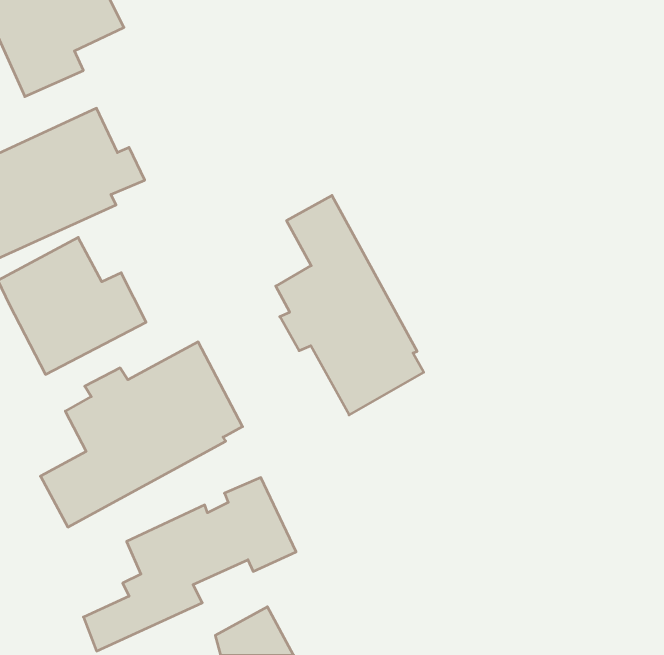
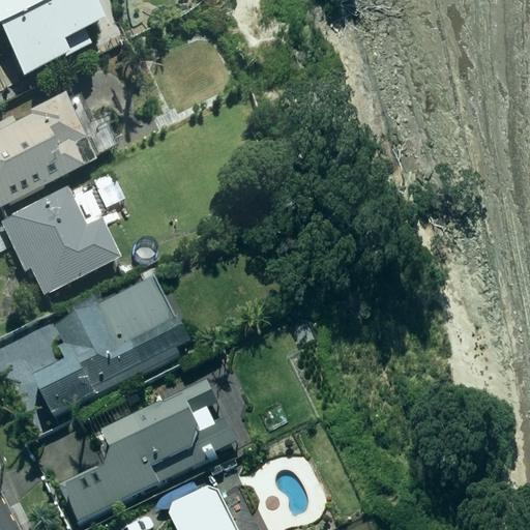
building: [276,195,424,415] -> none

